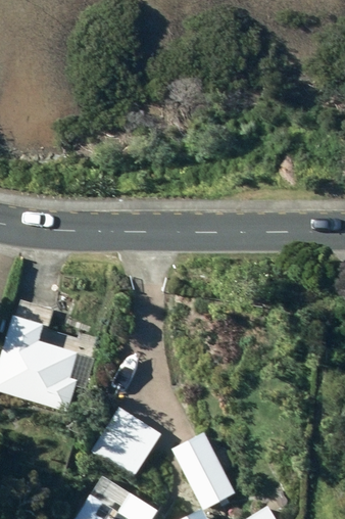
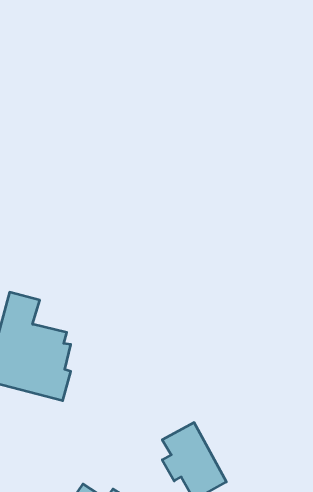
building: [105,397,157,459] -> none

